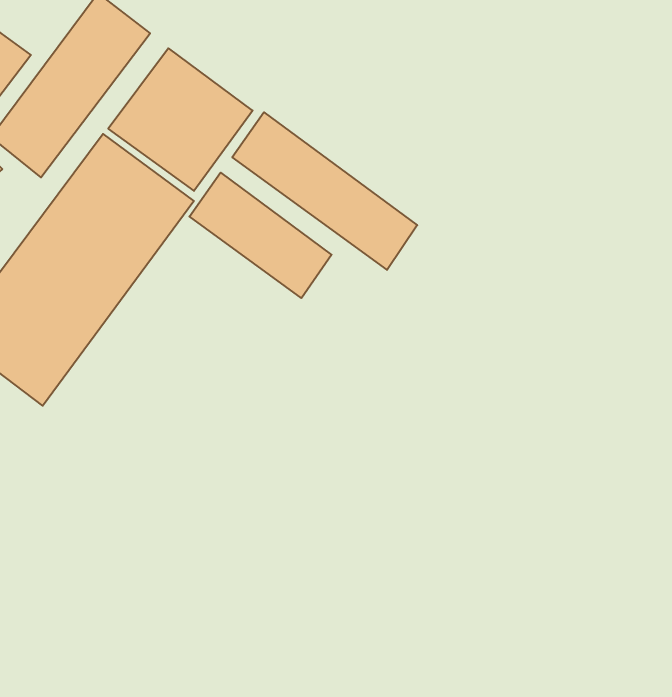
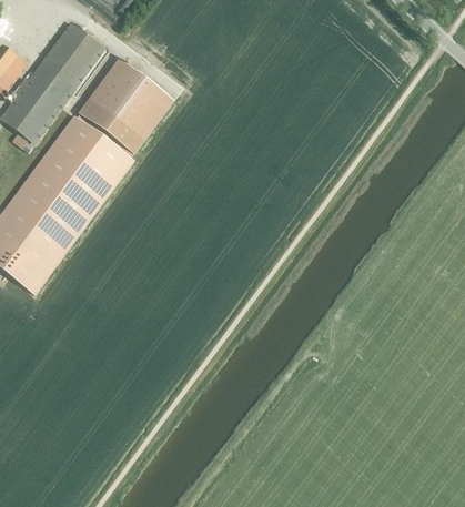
building: [232,112,417,270] -> none
building: [189,173,332,298] -> none

